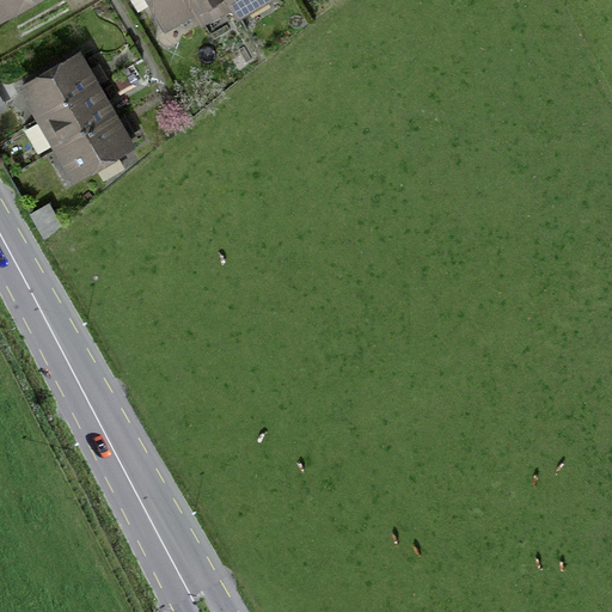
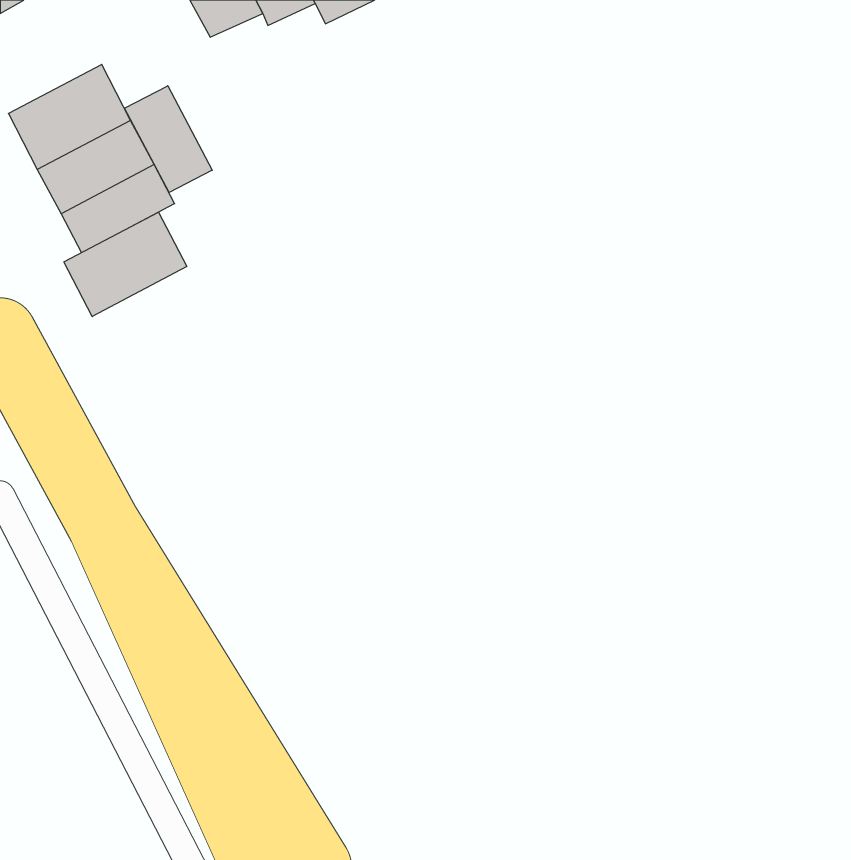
building: none -> [125,86,212,193]
building: none -> [64,212,187,317]

